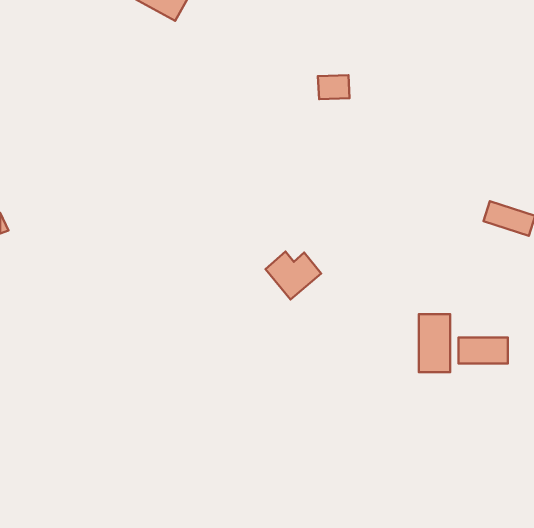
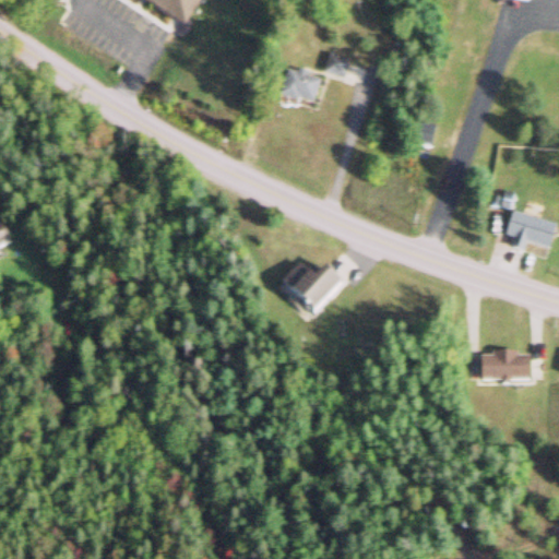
building: [318,75,349,99] -> [284,69,317,94]
building: [419,314,450,372] -> none

